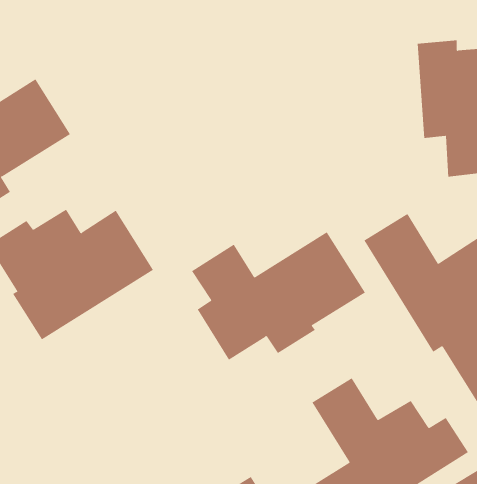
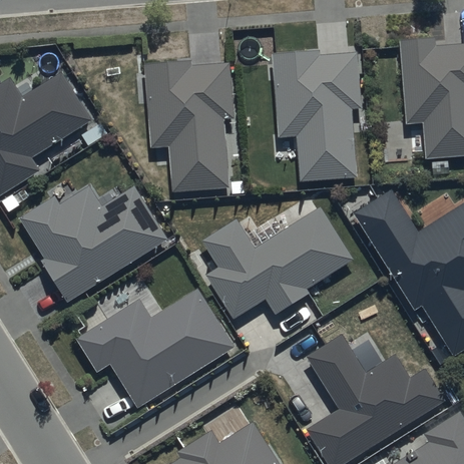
building: none -> [273,49,363,180]
building: none -> [145,60,235,190]
building: none -> [77,289,236,408]

